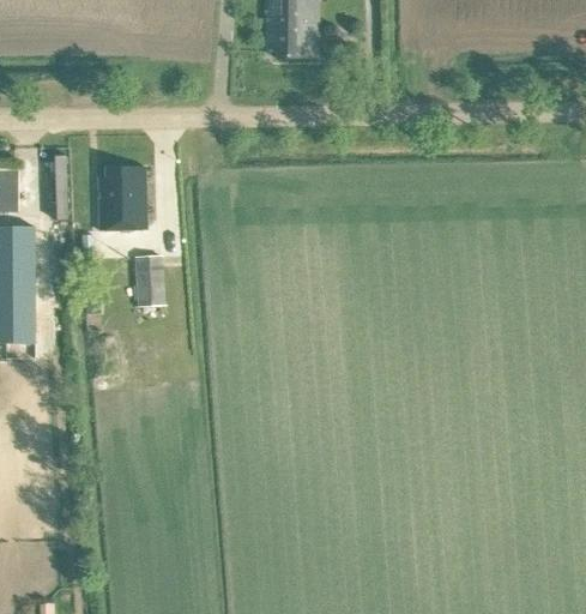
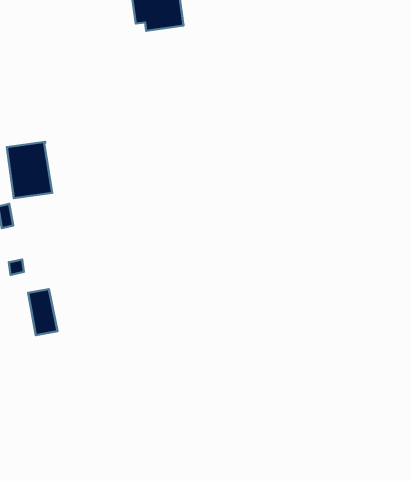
building: [137,255,164,306] -> [28,289,58,335]

